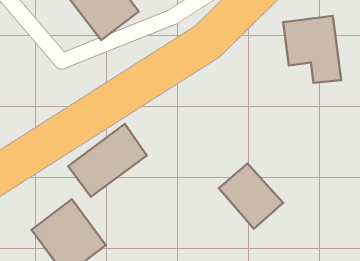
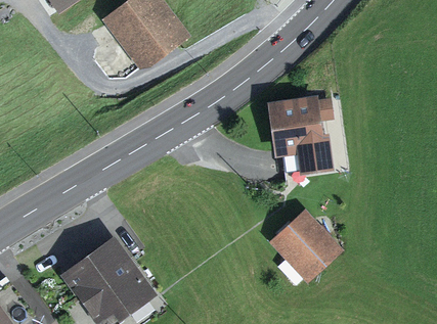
building: [283,16,341,83] -> [264,96,329,171]
building: [68,124,147,197] -> none

